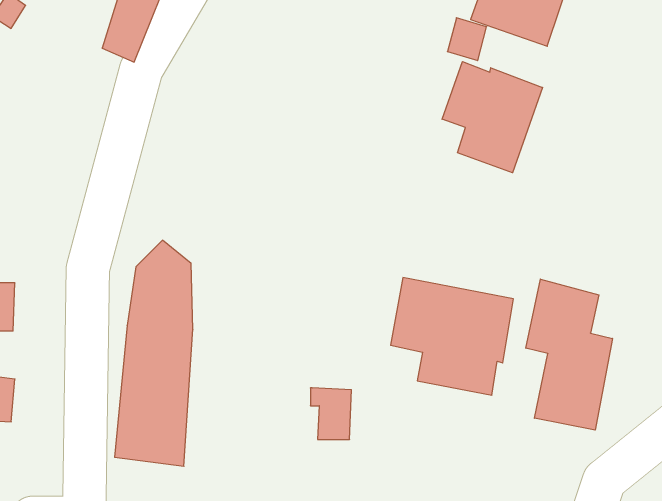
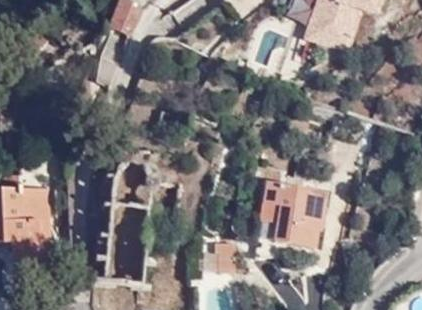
building: [442,62,543,173] -> none
building: [526,279,612,430] -> none

